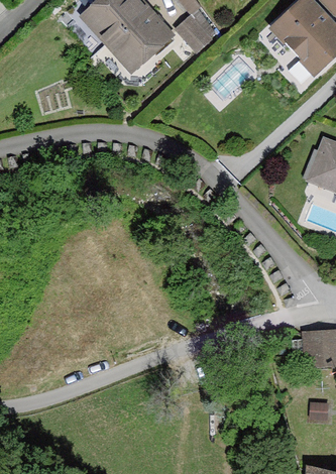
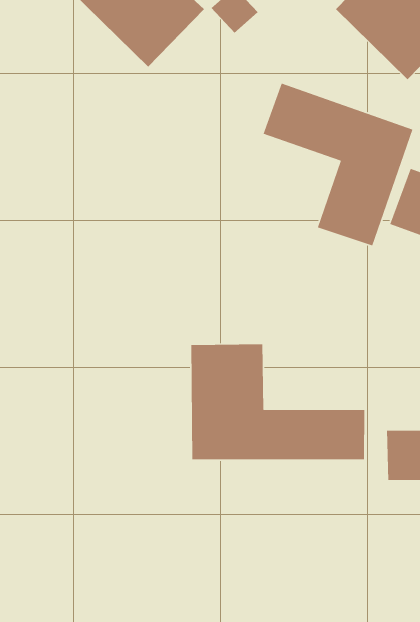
building: none -> [263,83,413,247]
building: none -> [190,344,365,460]

